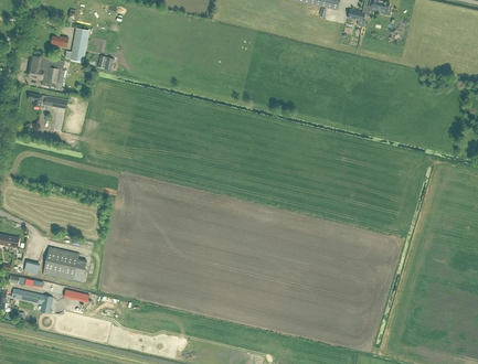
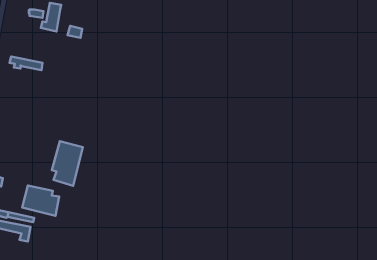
building: [26,52,74,87] -> none
building: none -> [52,141,83,186]

